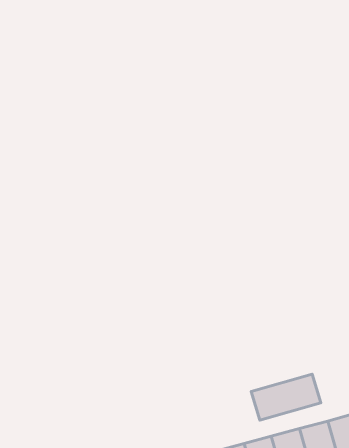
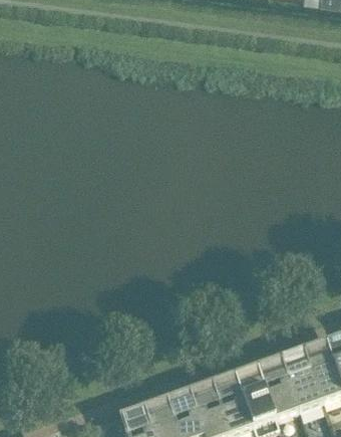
building: [251,374,321,420] -> none

